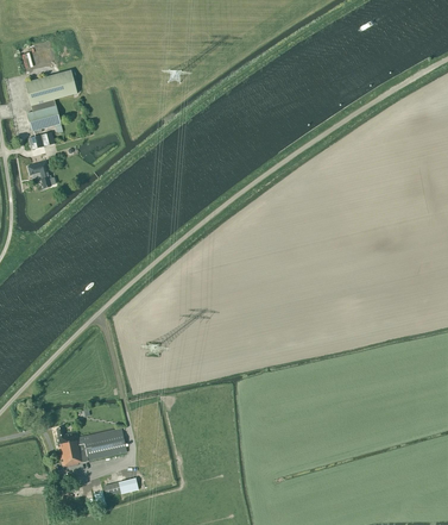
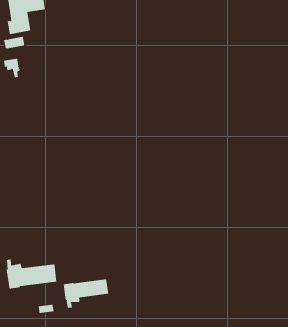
building: none -> [63,278,109,309]

